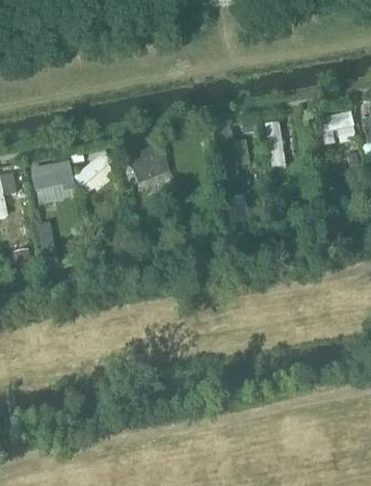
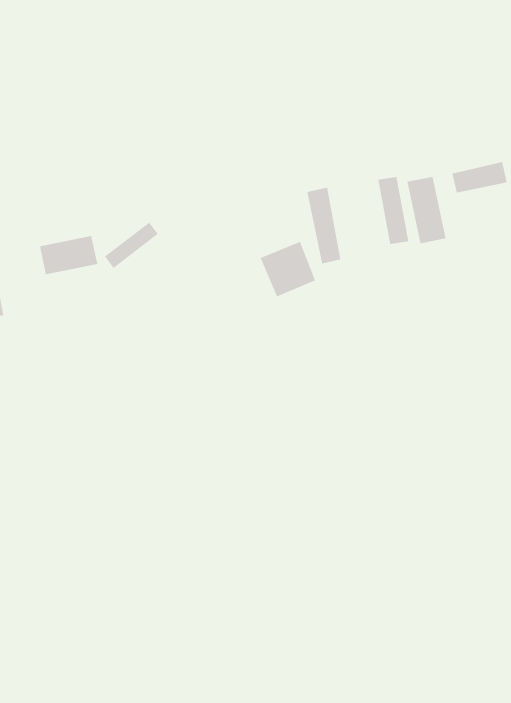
building: none -> [407,176,446,244]
building: [128,143,166,182] -> [260,241,316,297]

